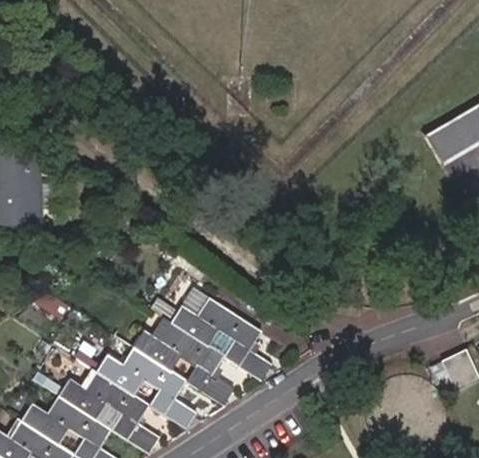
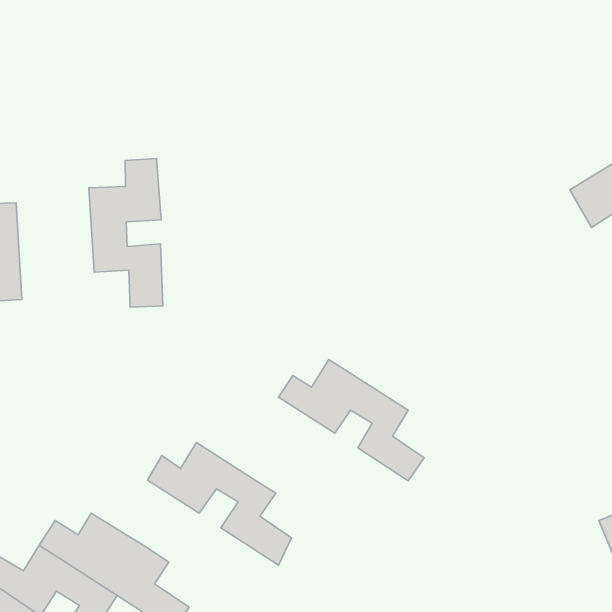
building: none -> [89,158,163,307]
building: [165,295,266,379] -> [278,360,424,481]
building: [92,347,195,428] -> none

